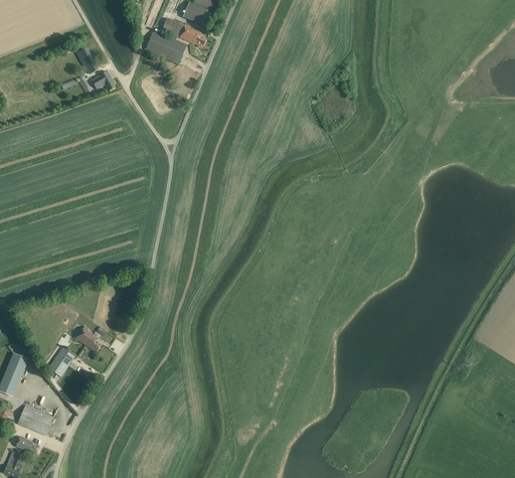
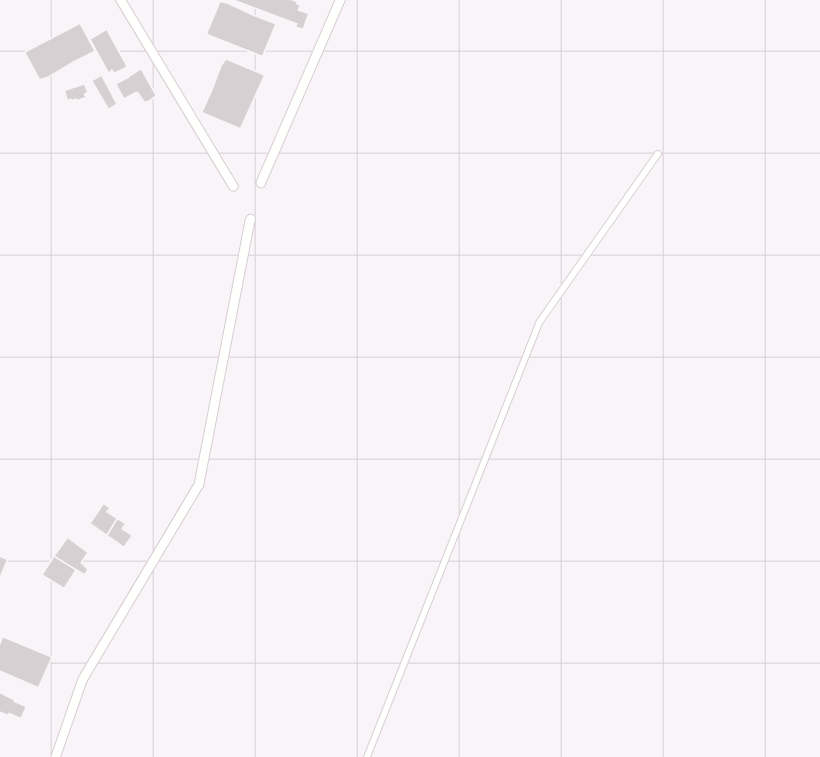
building: none -> [24,23,95,80]
building: none -> [201,59,265,129]

